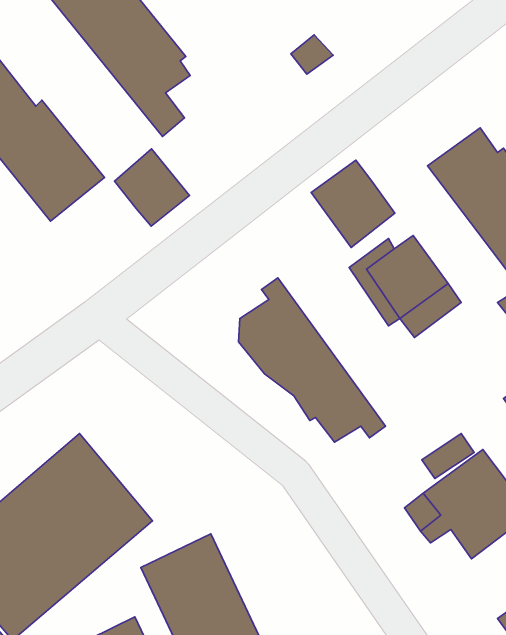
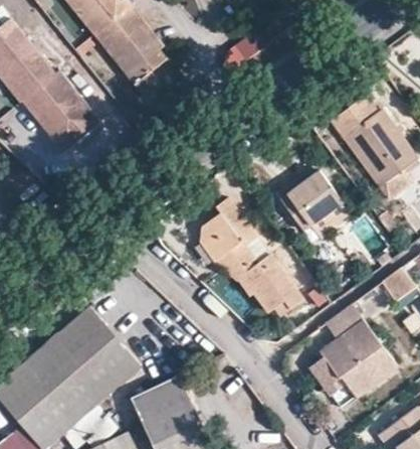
building: [114,149,189,226] -> none
building: [311,160,395,248] -> none

